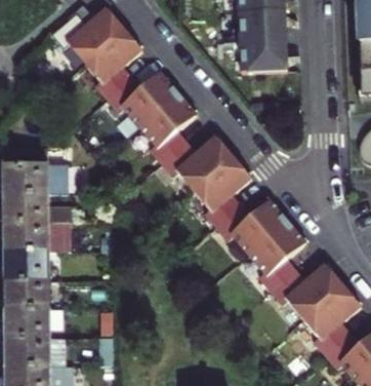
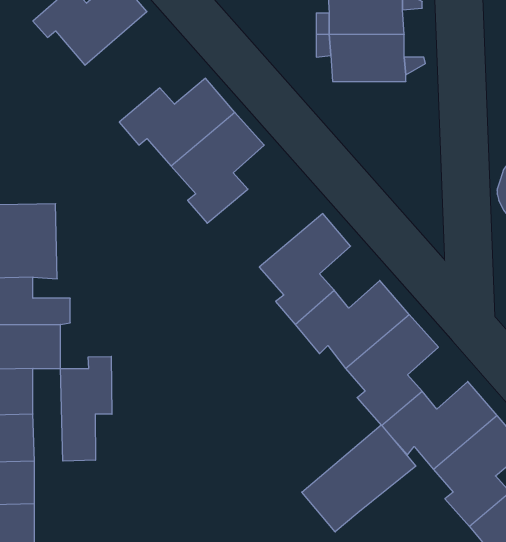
building: [83,29,140,99] -> none
building: [160,134,233,190] -> none
building: none -> [61,356,112,461]
building: none -> [302,425,416,532]

